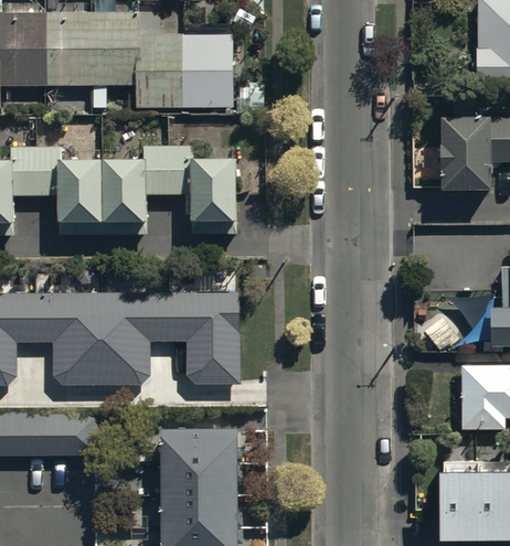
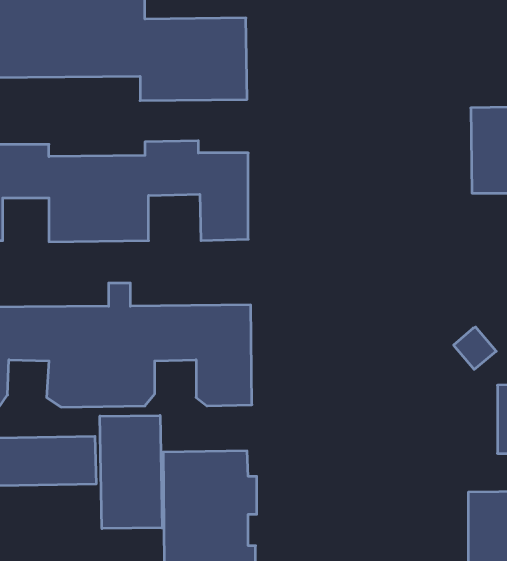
building: none -> [100,415,162,529]

